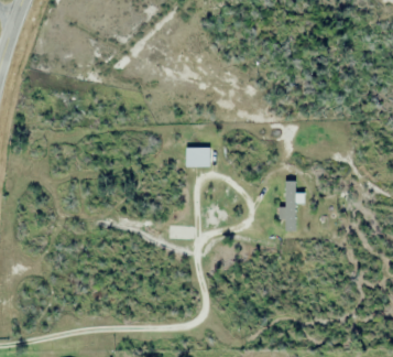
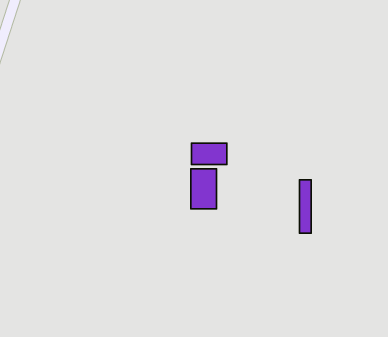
building: none -> [191,169,216,209]

